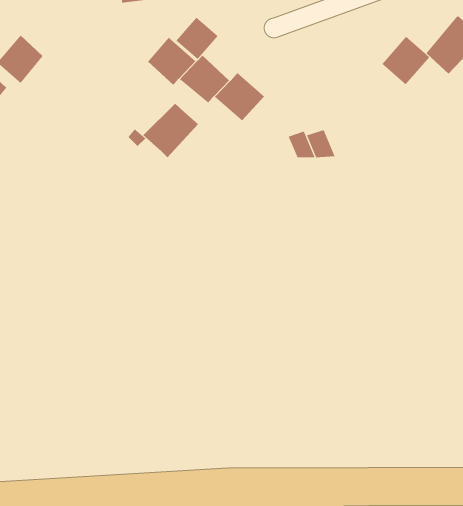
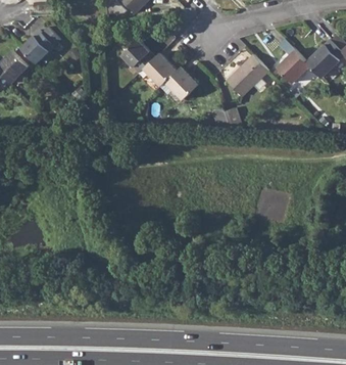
building: [176,17,218,60] -> none
building: none -> [226,54,267,95]
building: [142,103,199,158] -> none

